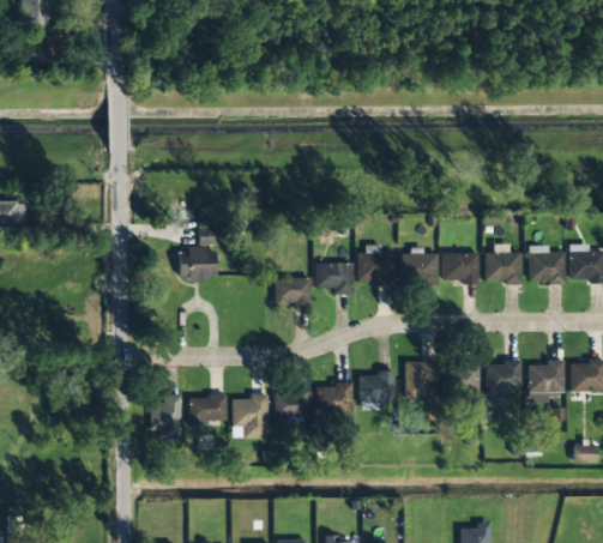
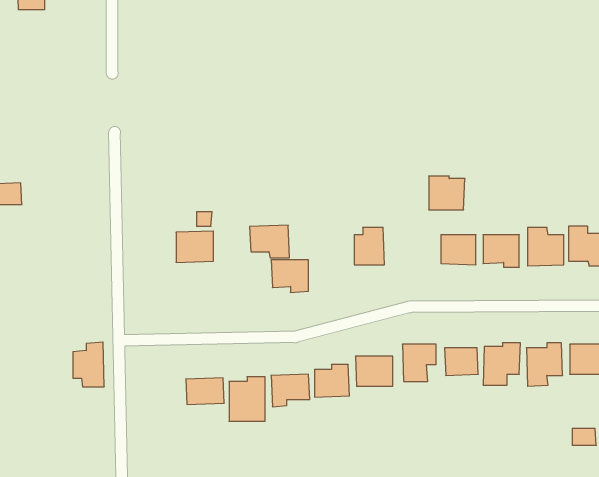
building: [402,251,438,284] -> [429,176,465,210]
building: [314,263,354,295] -> [250,225,289,258]
building: [150,394,181,439] -> [73,342,104,387]

